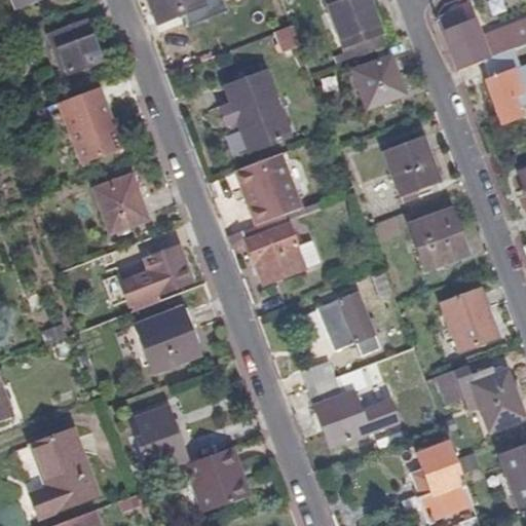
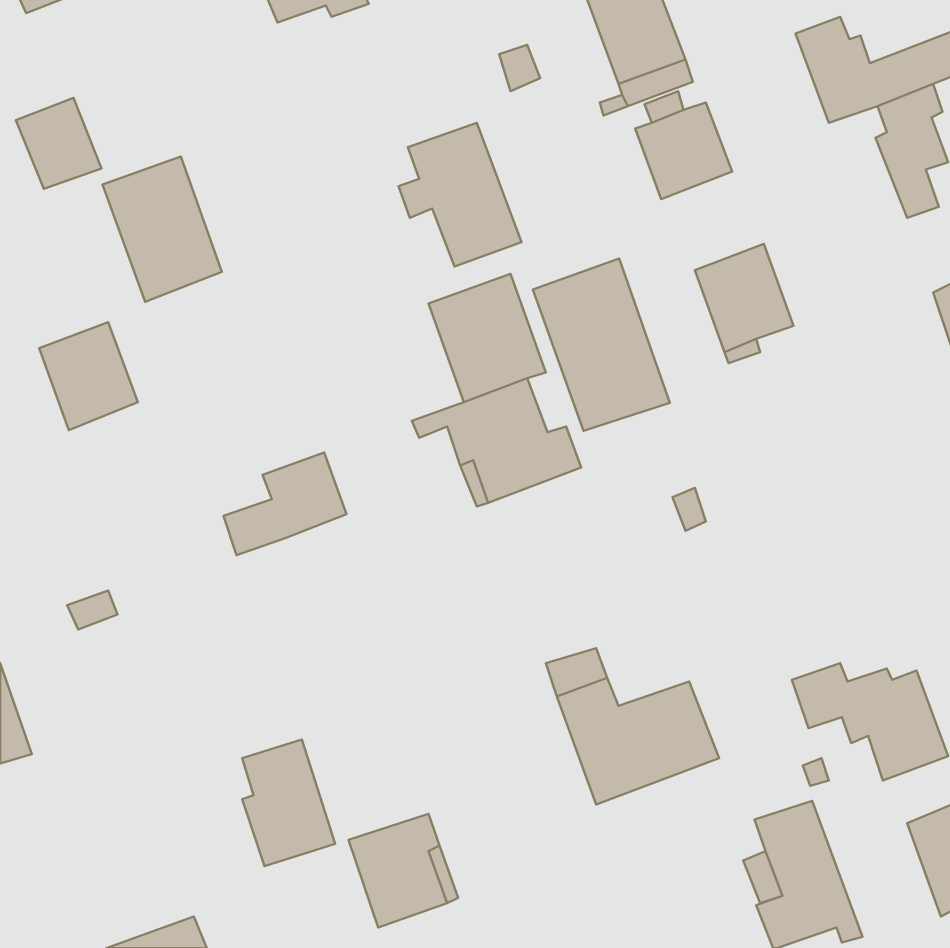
building: [52,23,100,73] -> [16,98,102,189]
building: none -> [533,259,670,431]
building: [93,177,148,236] -> [39,322,138,430]
building: [408,211,465,270] -> none
building: [441,289,499,350] -> none
building: [317,291,377,352] -> none
building: [135,311,199,375] -> none
building: [32,433,95,519] -> none

